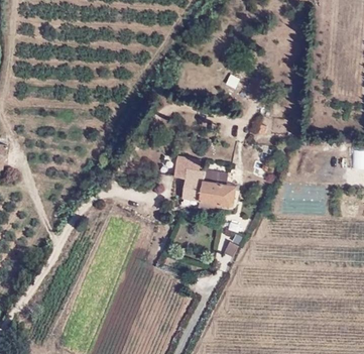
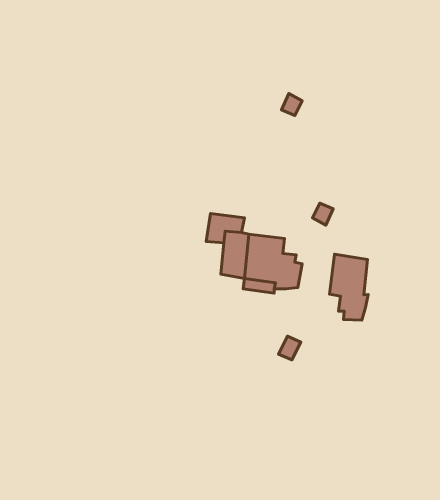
building: none -> [329,254,368,320]

